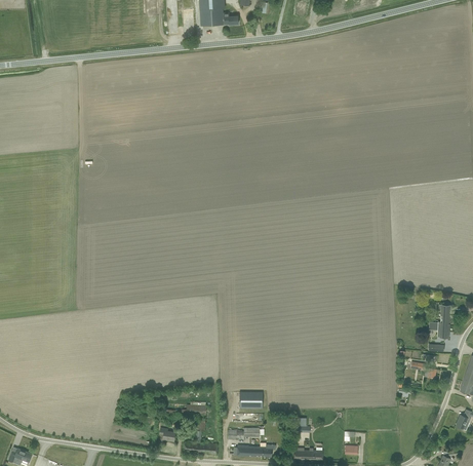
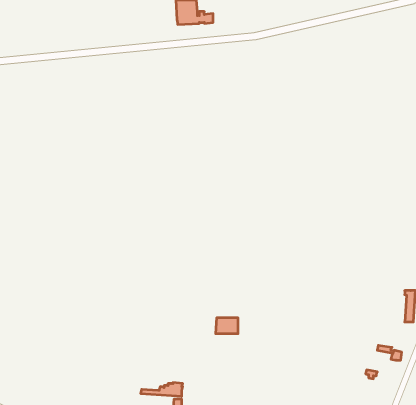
building: [238,392,262,409] -> [216,318,238,334]

